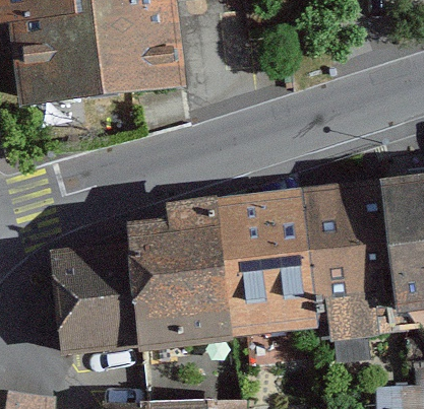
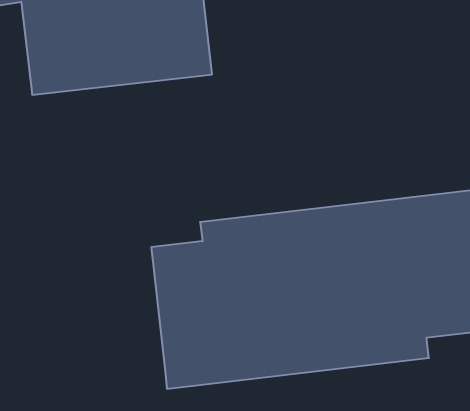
building: [57,245,149,345] -> none

